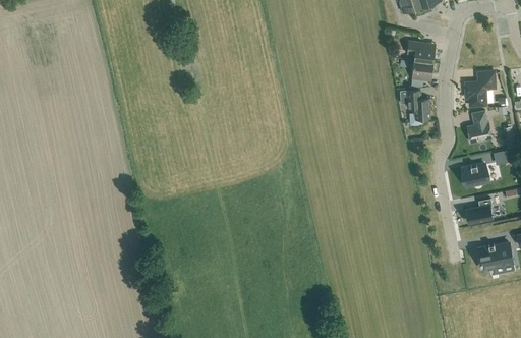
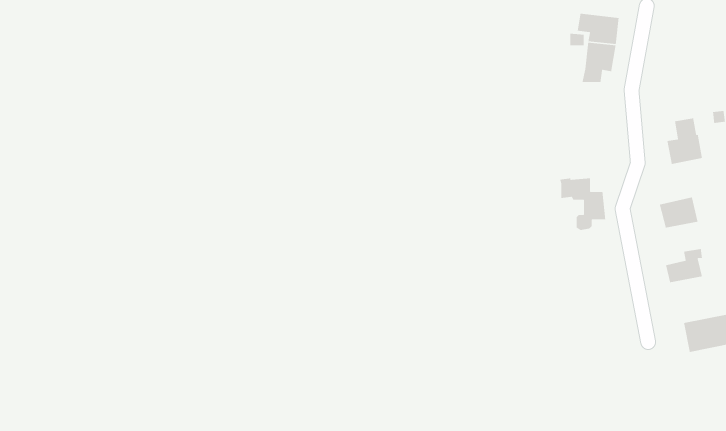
building: [465,71,495,106] -> none
building: [399,90,430,125] -> [559,178,606,231]

